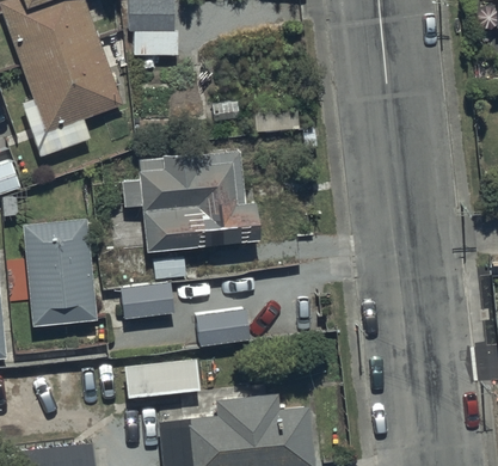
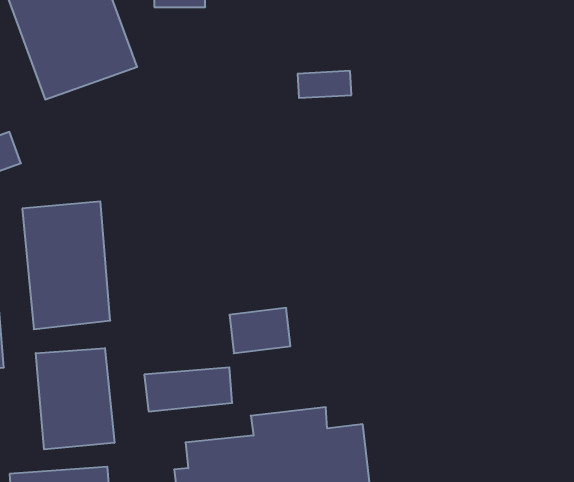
building: [105,149,263,318] -> none
building: none -> [36,348,114,449]

